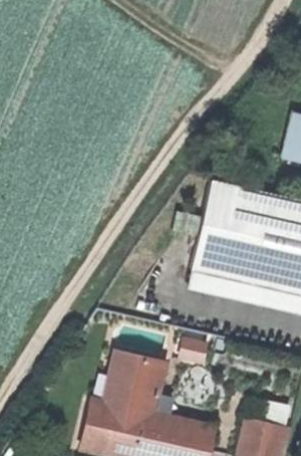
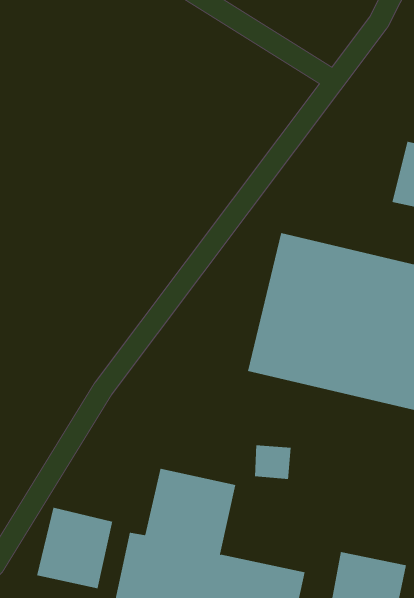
building: none -> [37,507,113,589]

